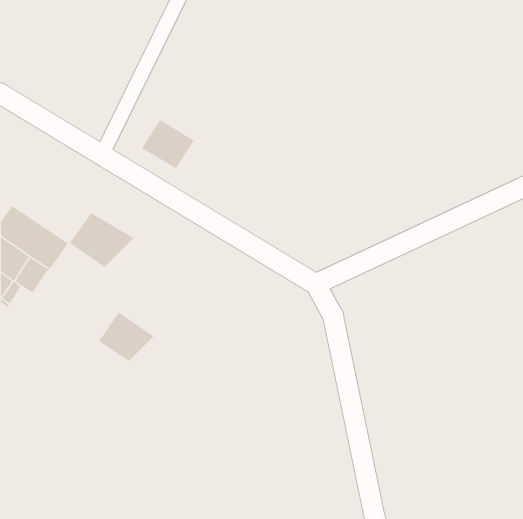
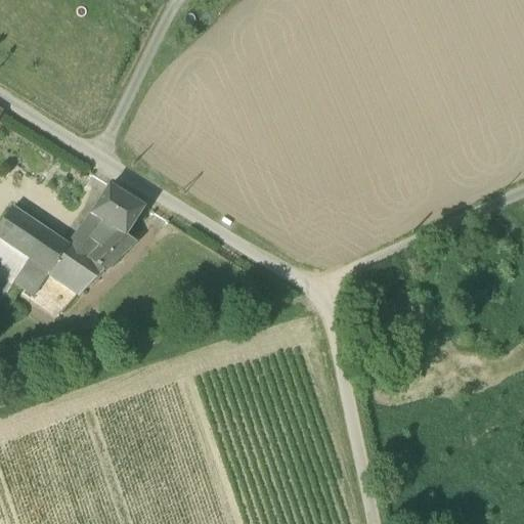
building: [141,119,195,169] -> [92,182,145,232]
building: [98,312,155,362] -> [49,243,105,293]

